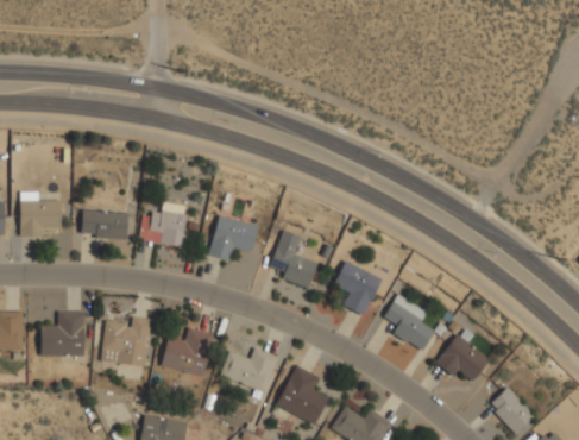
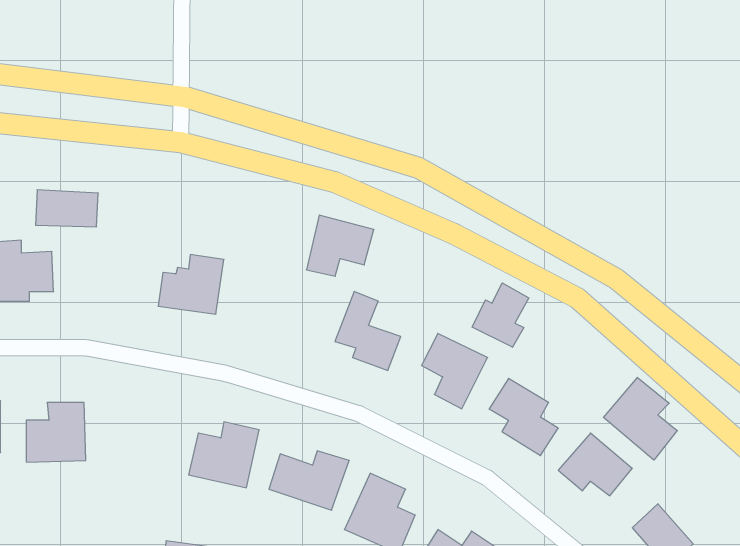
building: [81,210,127,238] -> [36,190,98,227]
building: [208,215,258,260] -> [306,215,374,276]
building: none -> [472,283,529,347]
building: none -> [603,377,677,460]
building: [101,316,152,365] -> none

